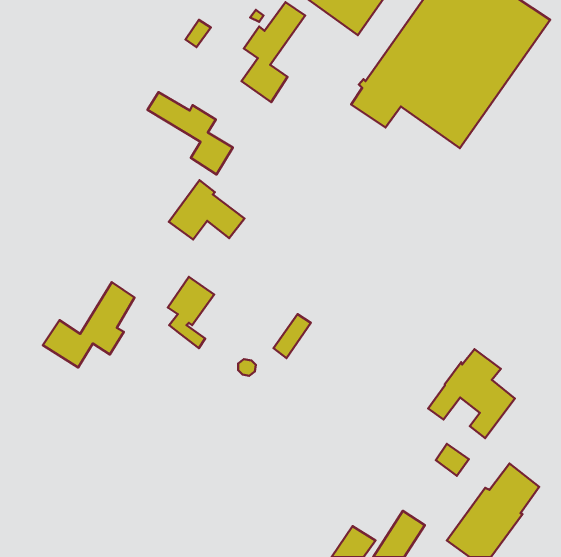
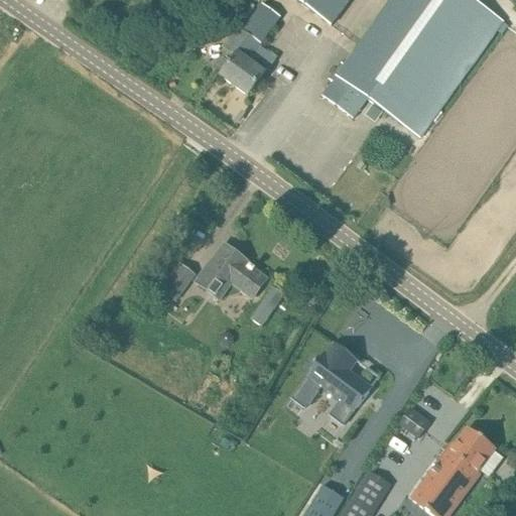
building: [148,92,233,175] -> none
building: [169,180,245,239] -> [197,243,266,297]
building: [43,282,135,368] -> none
building: [428,349,515,438] -> [292,341,372,422]

